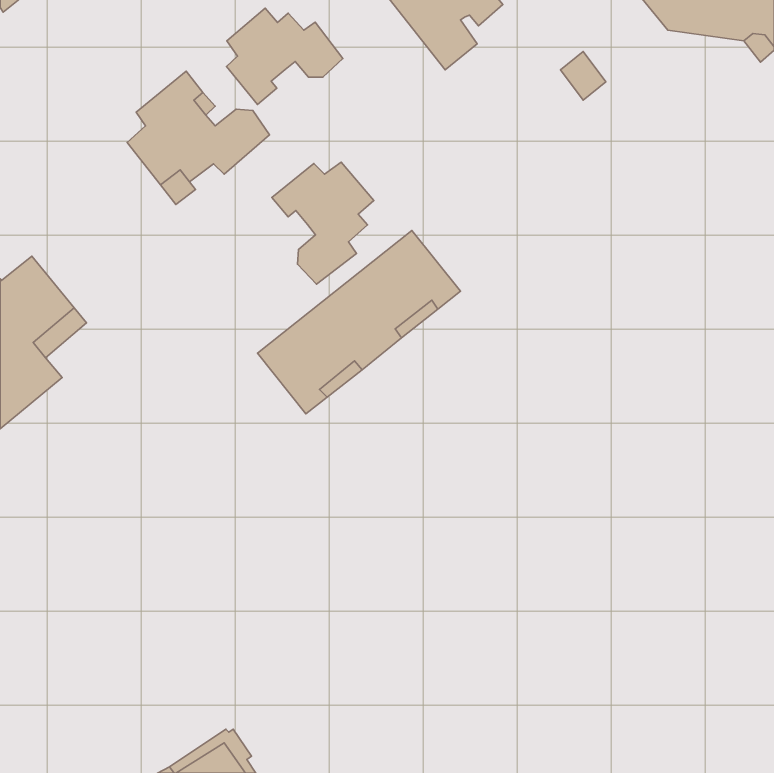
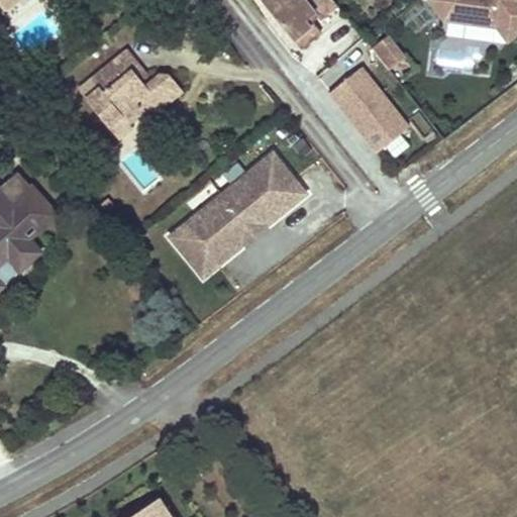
building: [227,8,343,104] -> none
building: none -> [329,67,409,150]
building: [272,162,374,284] -> none

